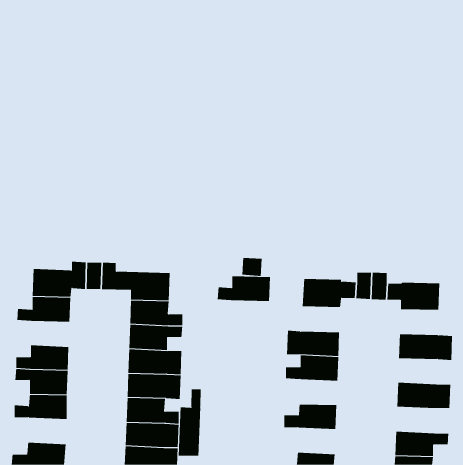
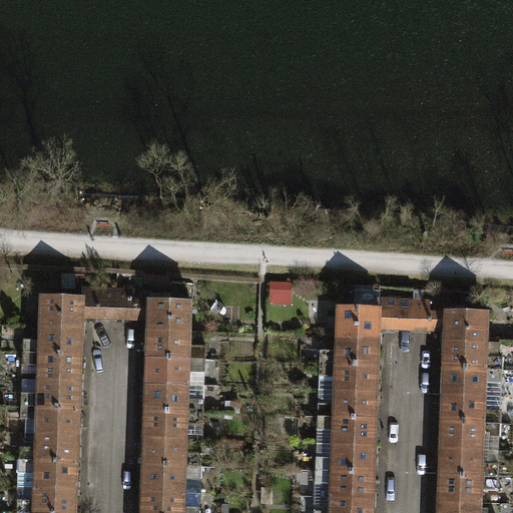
building: [217,276,271,301] -> [319,338,378,366]
building: none -> [442,341,501,370]
building: none -> [21,353,80,382]
building: none -> [440,395,500,423]
building: none -> [316,417,375,446]
building: [178,388,201,457] -> none
building: none -> [438,448,497,477]
building: none -> [17,460,77,489]
building: none -> [315,471,373,500]

